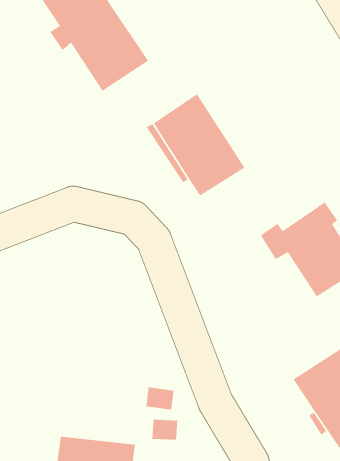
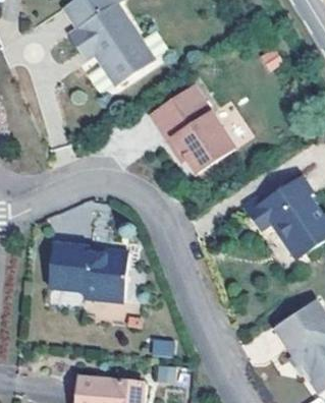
building: none -> [50,244,129,301]

